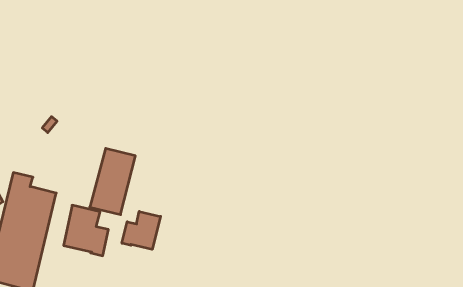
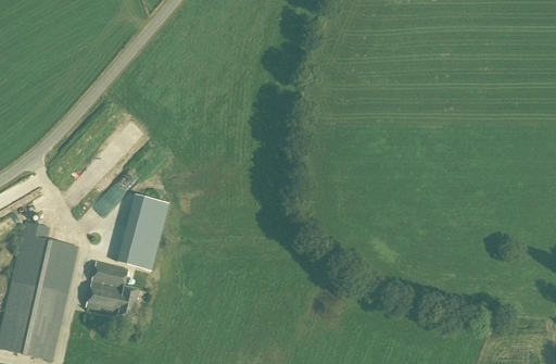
building: [122,211,161,249] -> none

